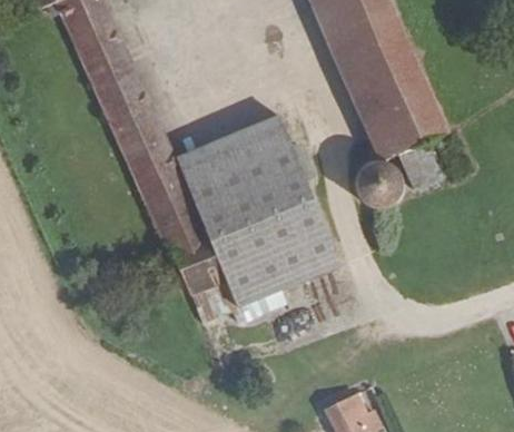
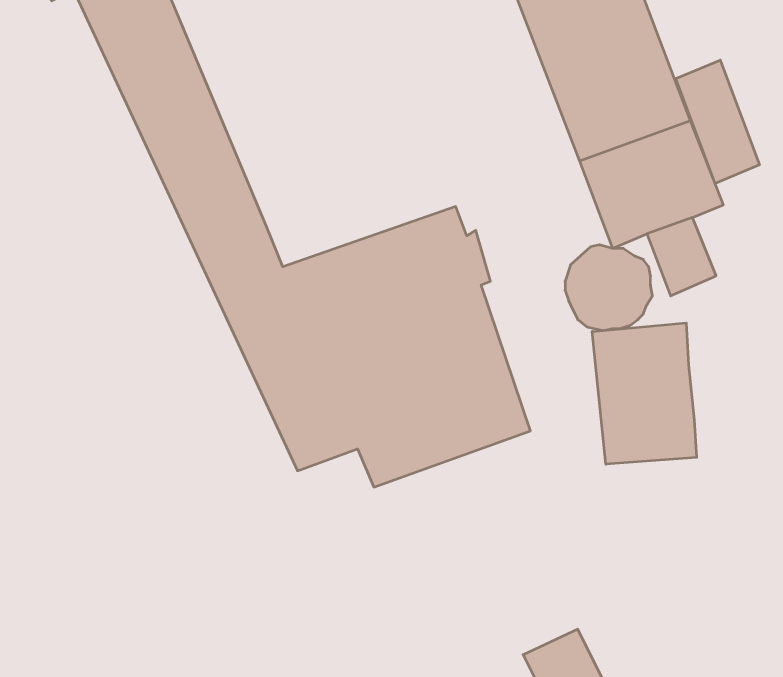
building: none -> [676,60,759,183]
building: [169,111,285,171] -> none
building: none -> [592,323,697,464]

